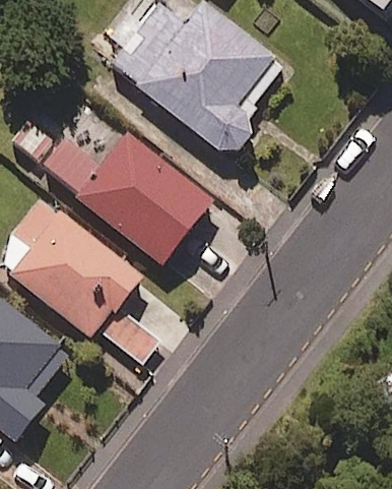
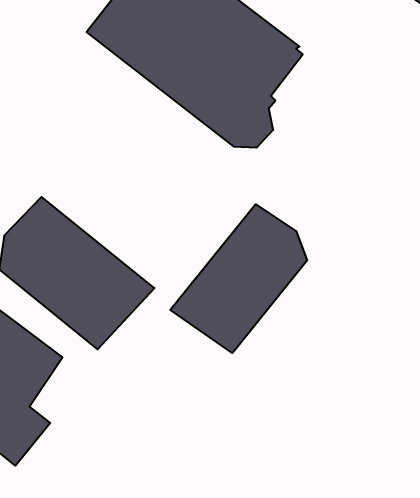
building: [39,129,217,266] -> none
building: none -> [170,204,307,353]

